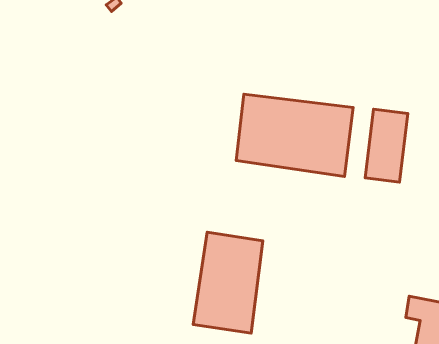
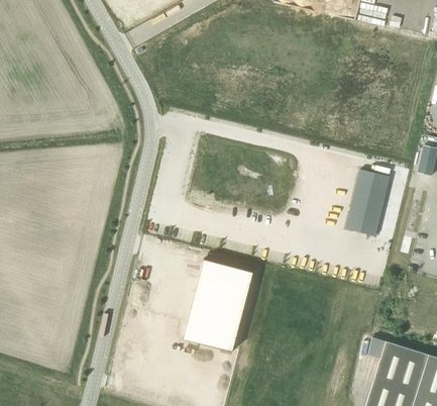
building: [236,94,353,176] -> none

